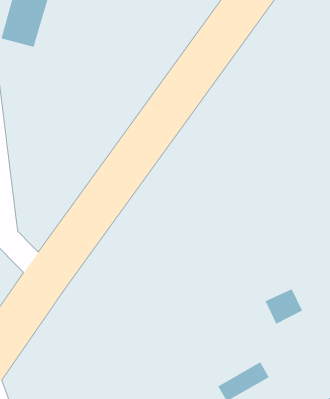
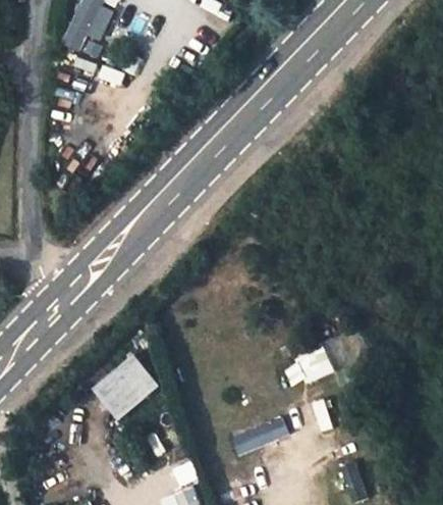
building: none -> [93,354,158,418]

